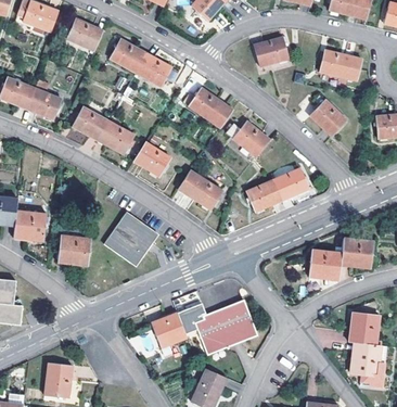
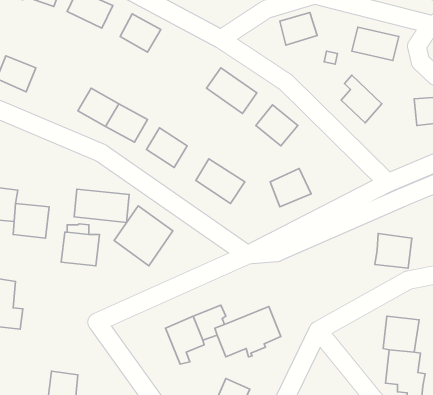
building: [135,52,171,88] -> none
building: [25,77,62,119] -> none
building: [271,167,308,201] -> none
building: none -> [74,189,129,222]
building: [308,249,342,280] -> none

